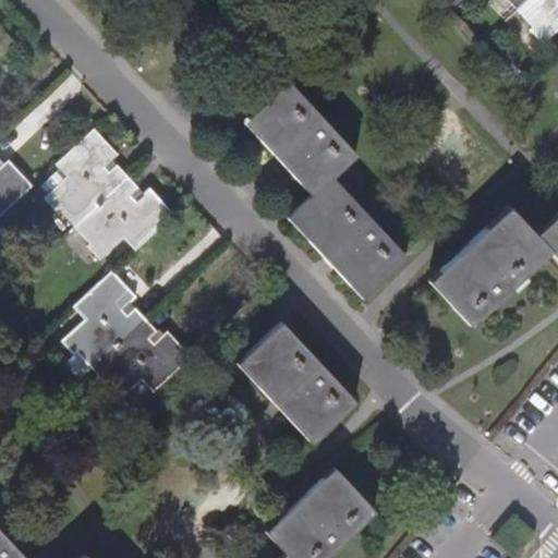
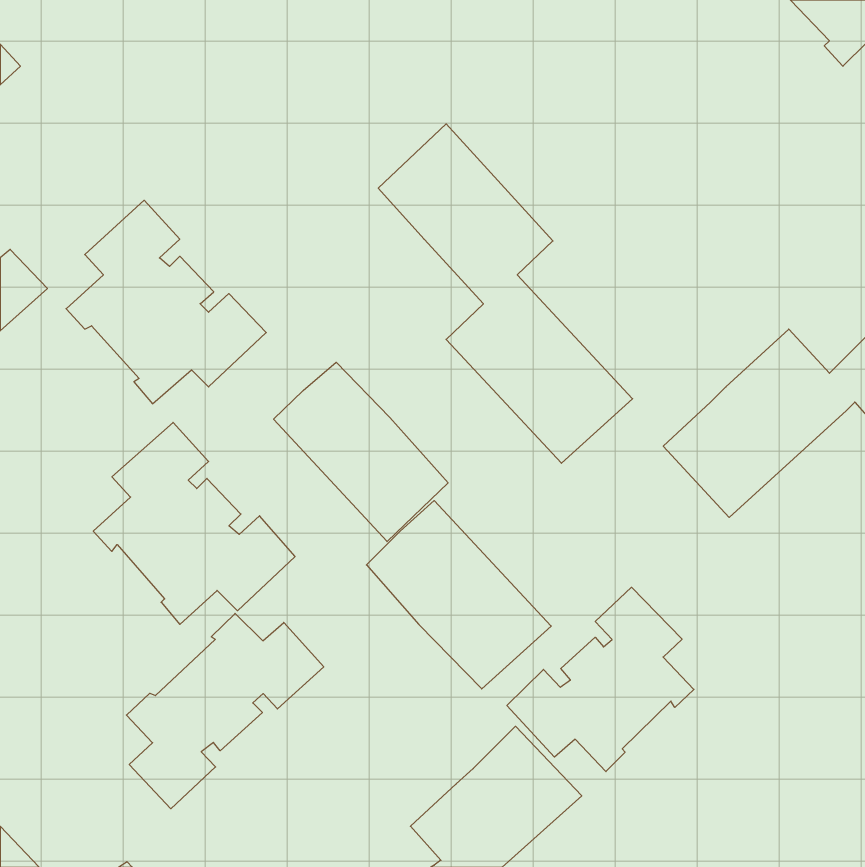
building: none -> [274,362,448,542]
building: none -> [507,587,694,772]
building: none -> [126,613,324,809]

